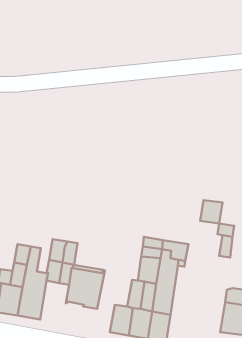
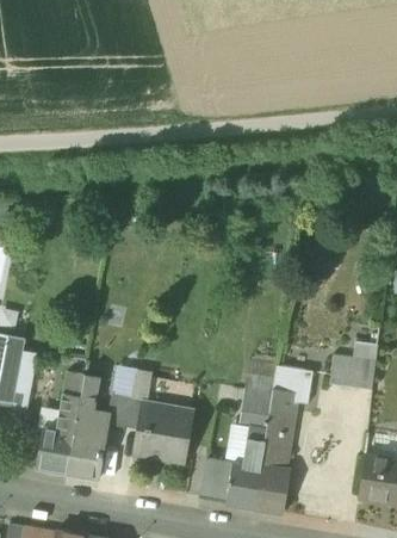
building: [200,200,223,223] -> [329,355,361,389]

